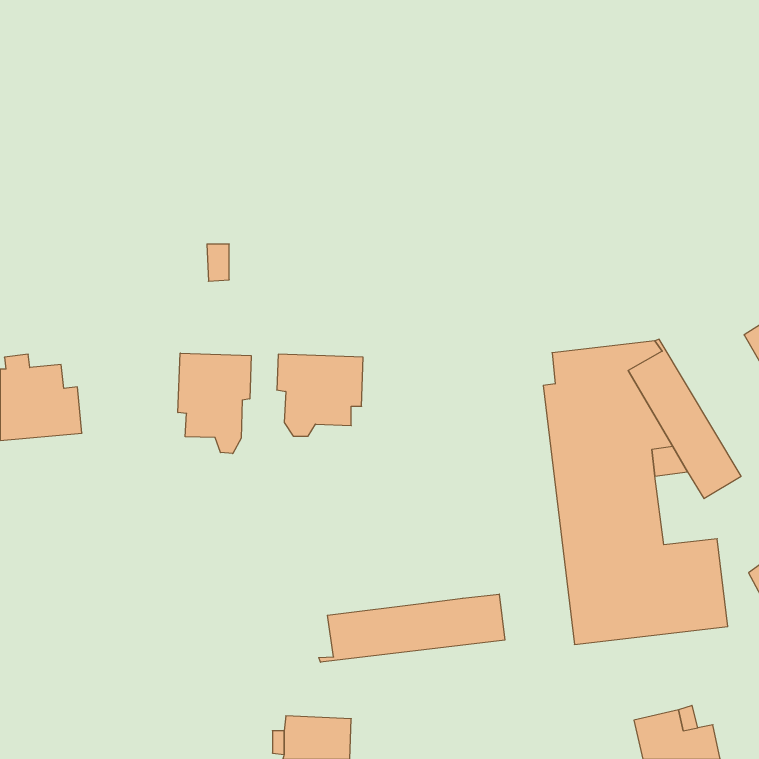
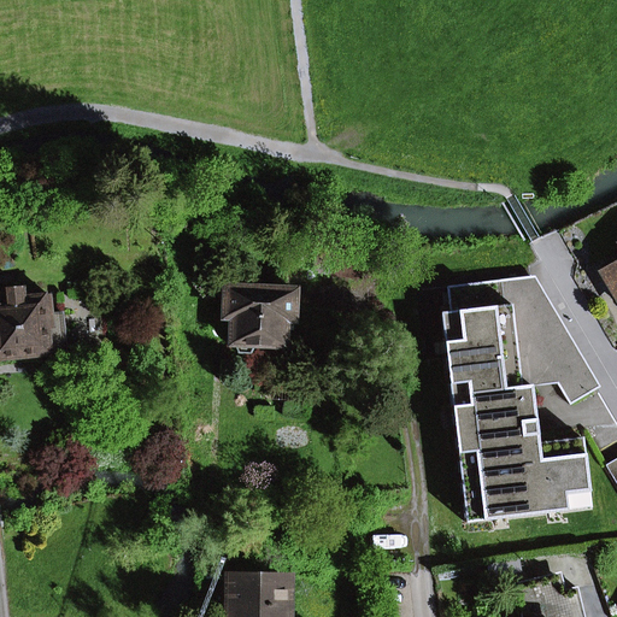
building: [178,353,251,454] -> none
building: [319,594,505,662] -> none

